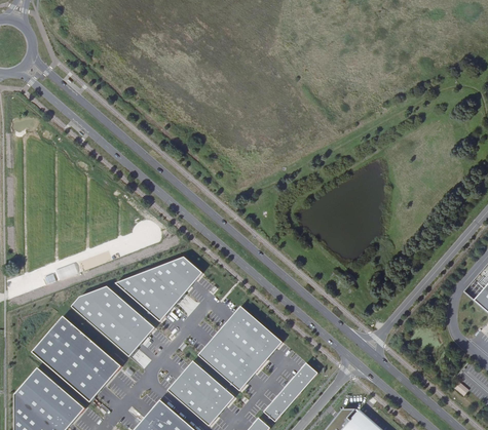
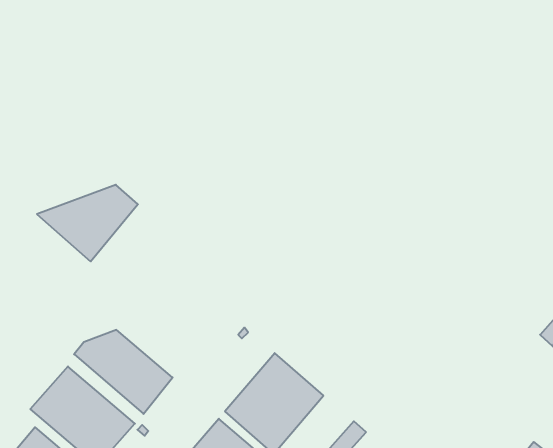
building: [115,258,200,322] -> [37,185,138,261]

